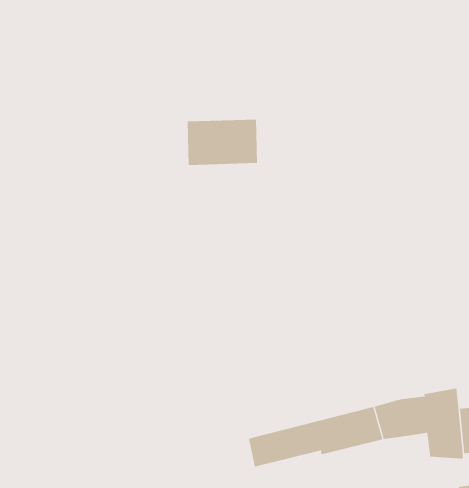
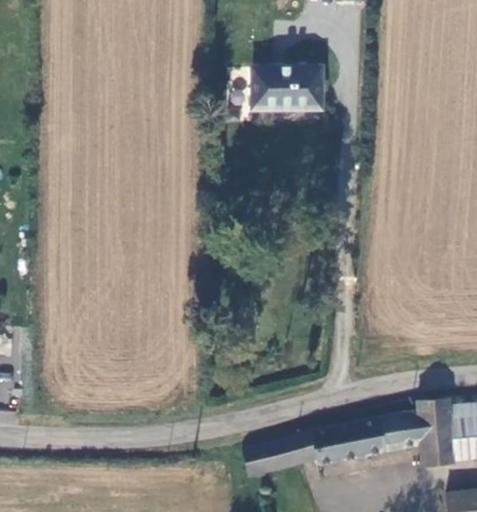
building: [187,119,258,165] -> [255,67,324,112]

